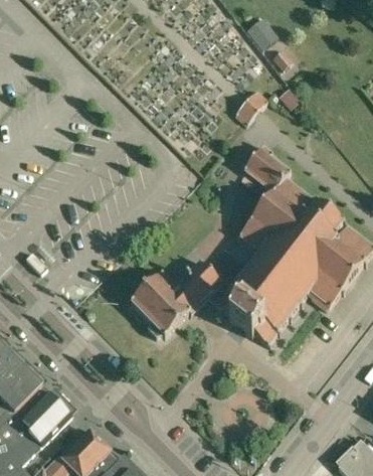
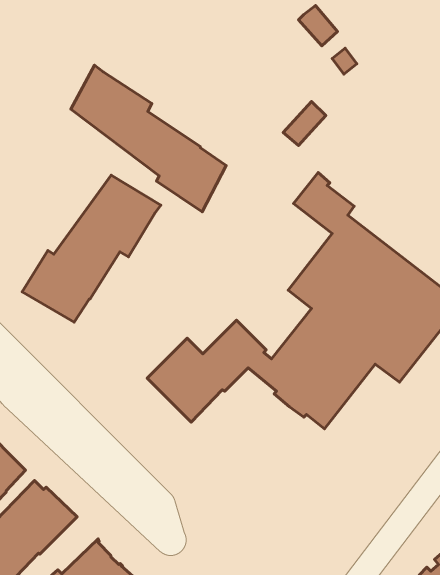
building: none -> [71,65,226,212]
building: none -> [22,175,161,322]

